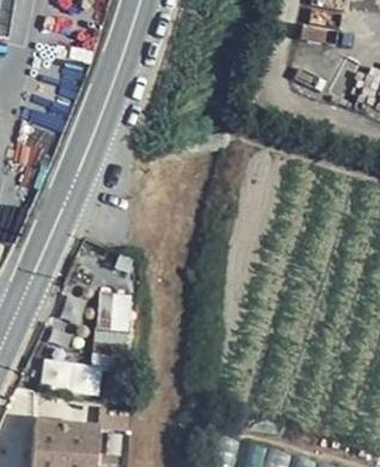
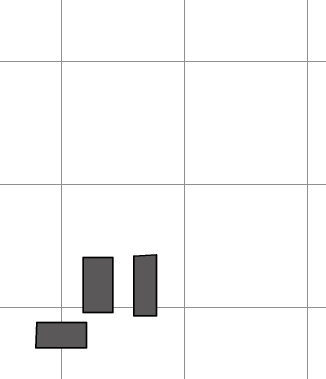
building: none -> [134,255,156,316]

